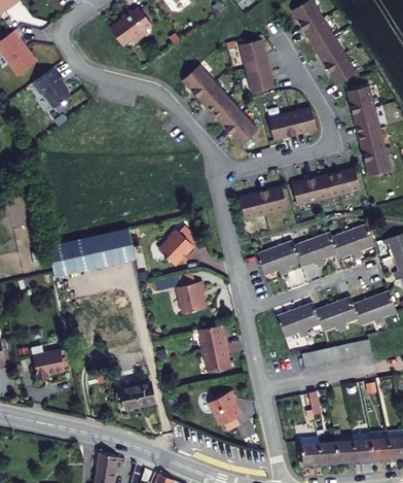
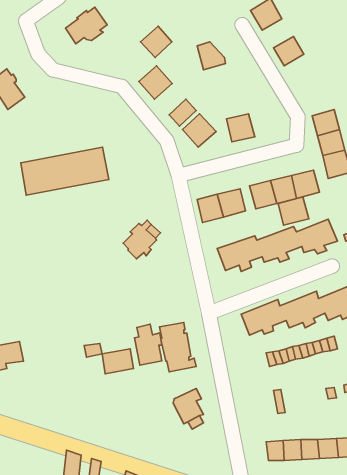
building: [299,24,330,53] -> none
building: [321,59,352,90] -> none
building: [242,68,267,98] -> none
building: [193,88,224,118] -> [140,26,172,58]
building: [342,91,370,119] -> none
building: [286,112,312,140] -> none
building: none -> [278,197,309,225]
building: [53,222,140,270] -> [21,147,109,195]
building: [181,270,208,310] -> [135,324,162,365]
building: [124,380,155,405] -> [102,349,133,374]

